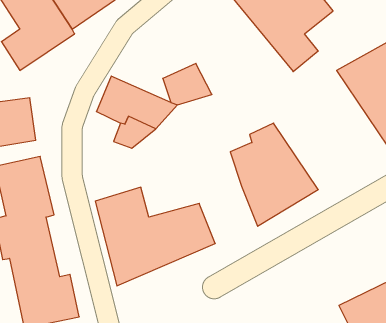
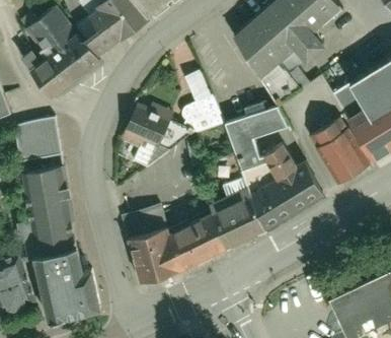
building: none -> [221,98,280,166]
building: none -> [309,121,368,186]
building: none -> [210,197,261,248]

